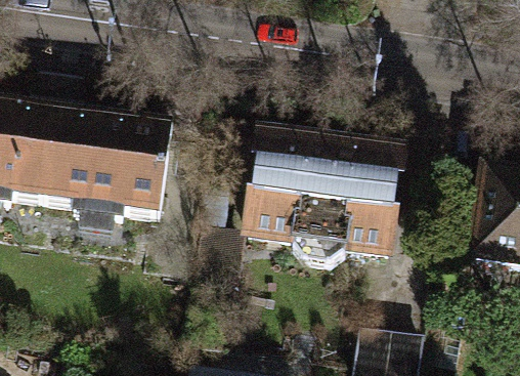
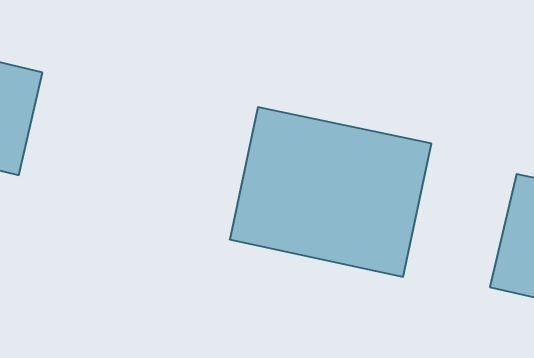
building: [55,112,191,220] -> none

